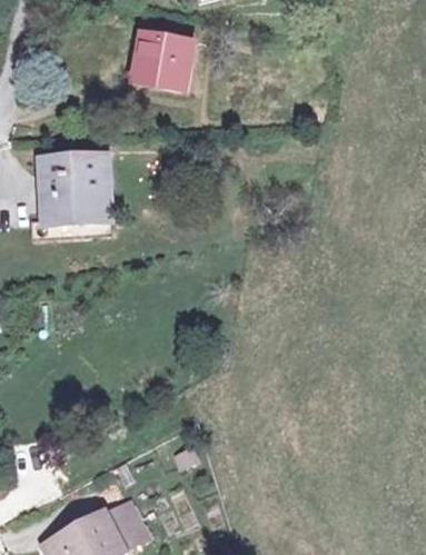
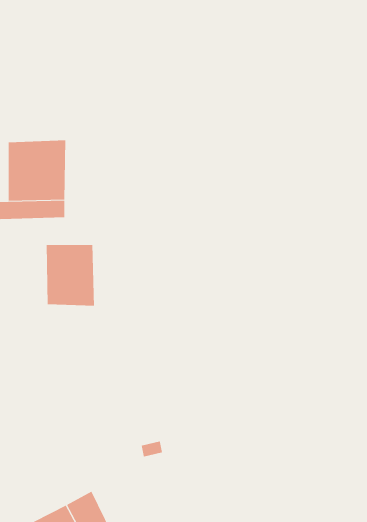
building: [139,33,187,82] -> none
building: none -> [46,244,95,306]

